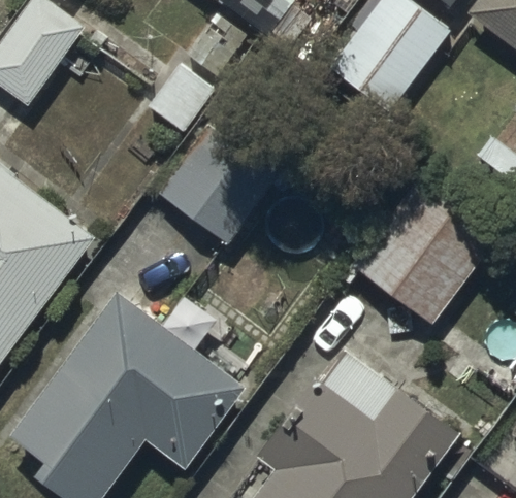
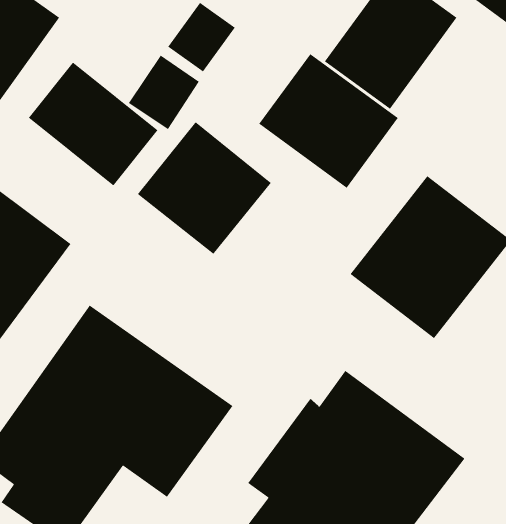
building: none -> [258,53,399,189]
building: none -> [28,62,159,186]

